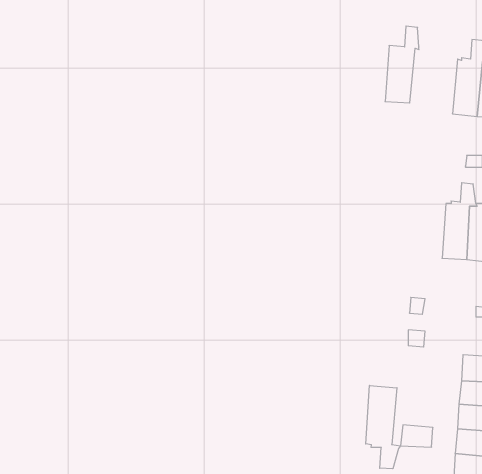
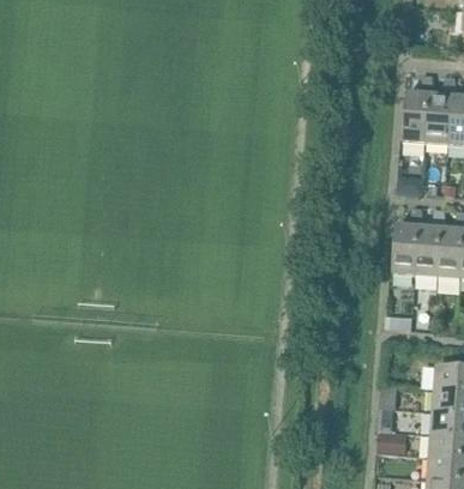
building: [385,26,419,103] -> [402,76,433,146]
building: none -> [391,209,423,279]
building: [366,385,400,469] -> none

